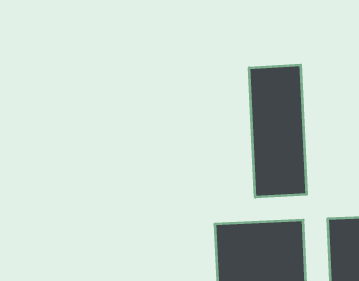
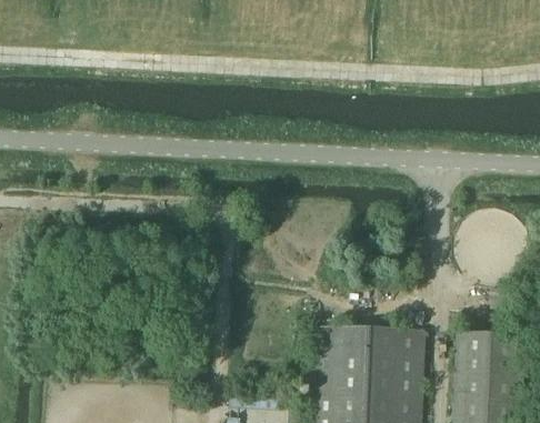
building: [249,65,307,197] -> none

